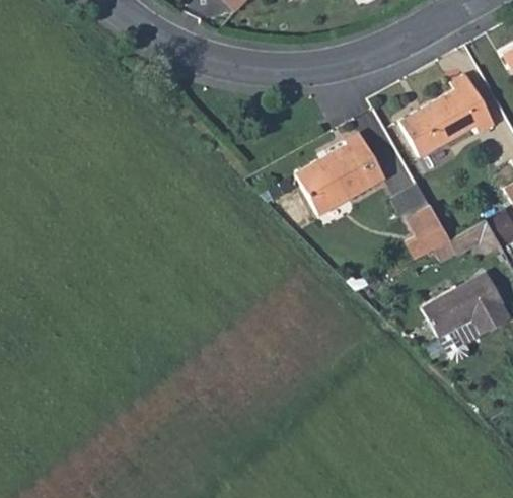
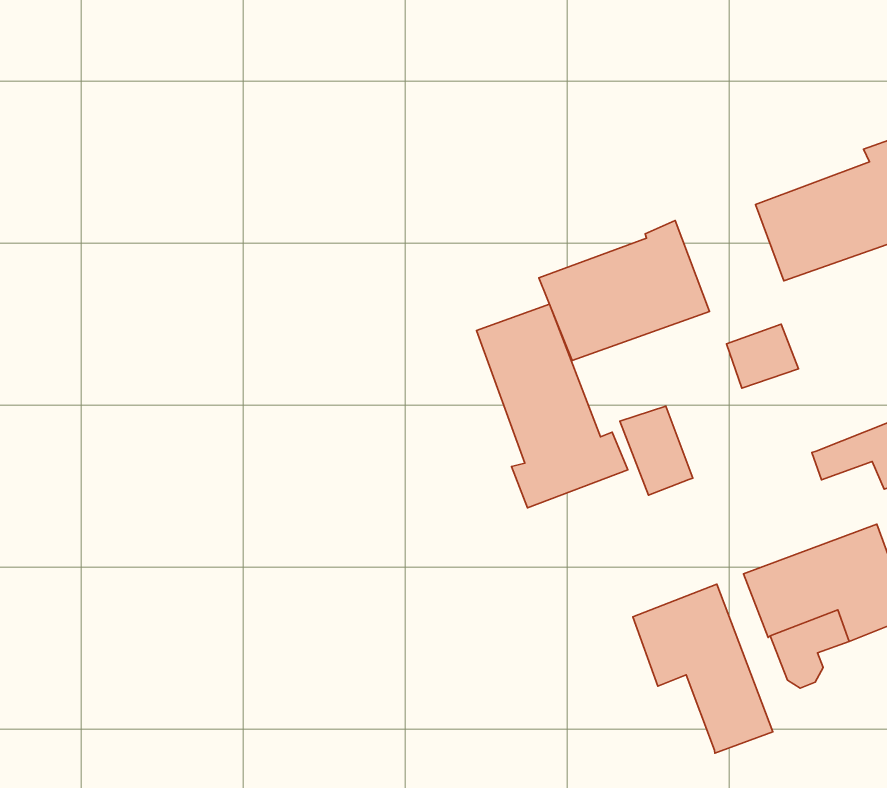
building: none -> [476,304,628,508]
building: [409,206,450,253] -> [620,406,693,495]
building: none -> [633,584,773,753]

